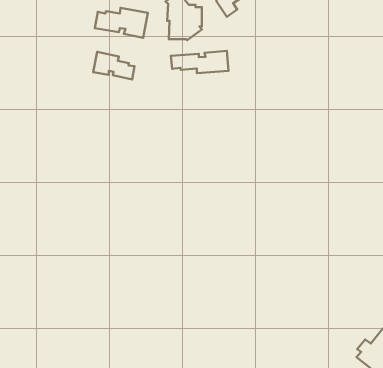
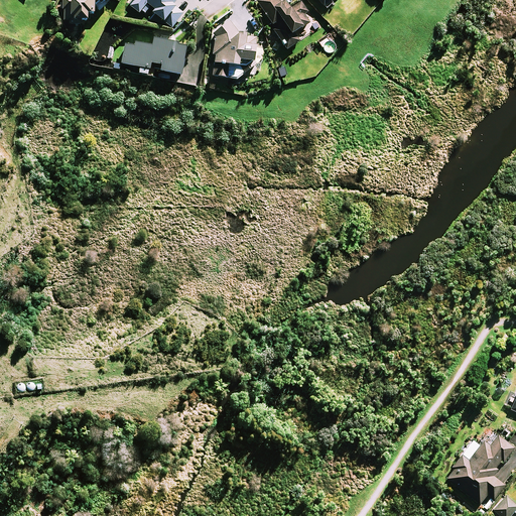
building: [171,51,228,73] -> none
building: [93,52,135,79] -> none

